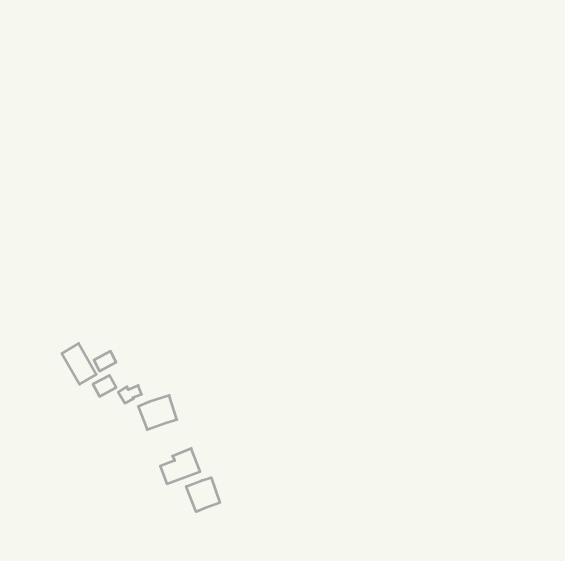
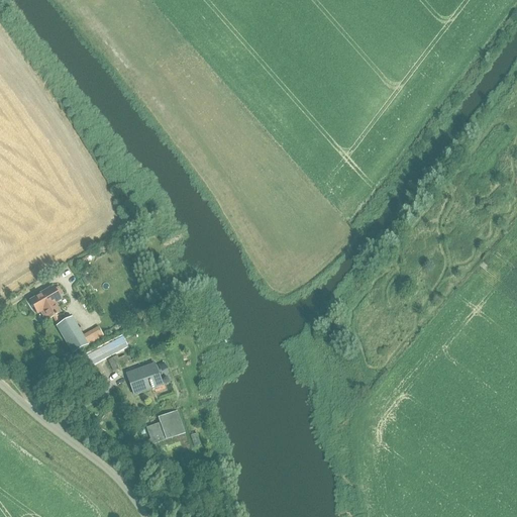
building: none -> [29,283,64,319]
building: [186,478,220,512] -> none

